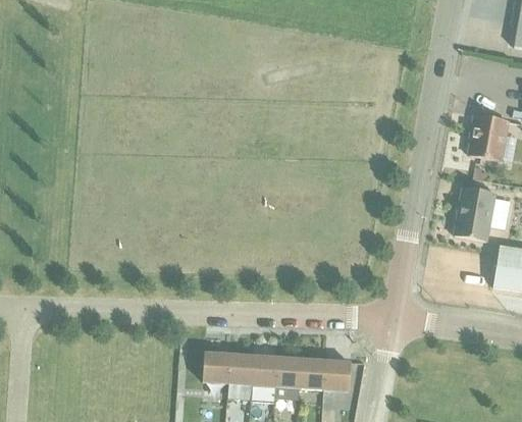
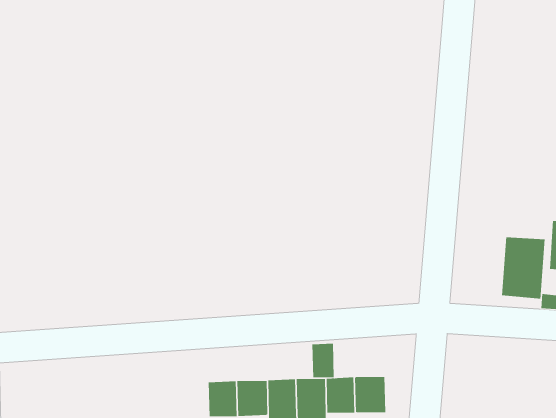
building: [469,114,508,160] -> none
building: [455,187,495,241] -> [501,237,545,299]
building: none -> [312,343,334,378]

